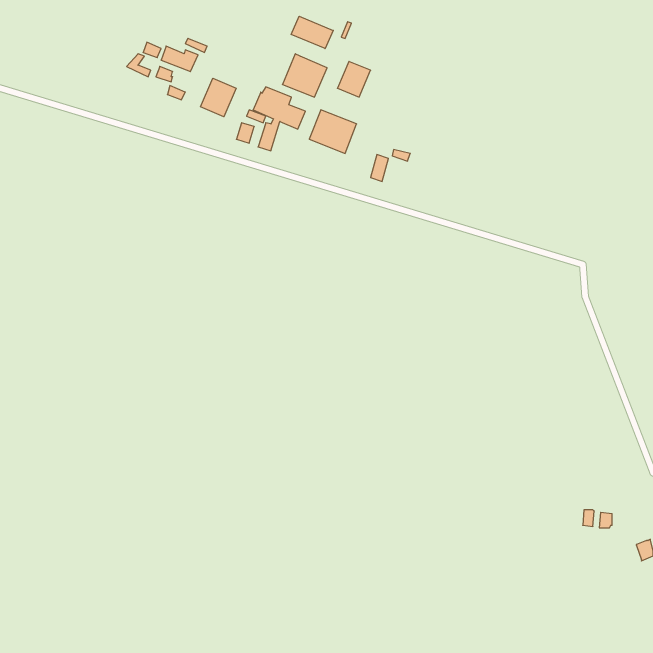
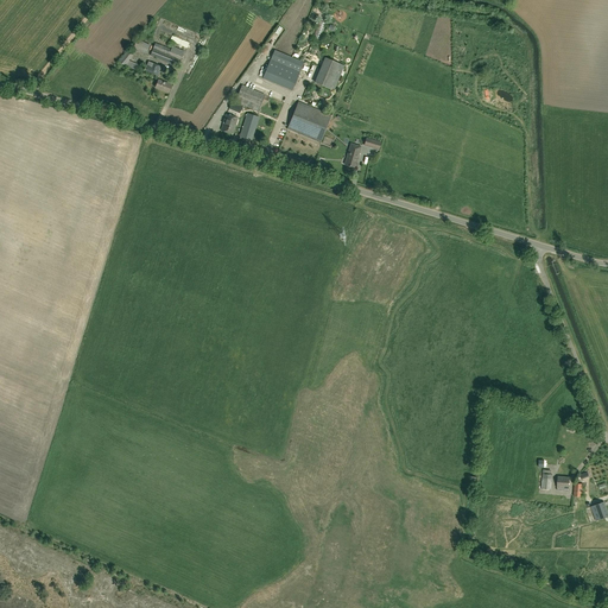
building: [291,16,333,49] -> none
building: [201,78,236,117] -> none

